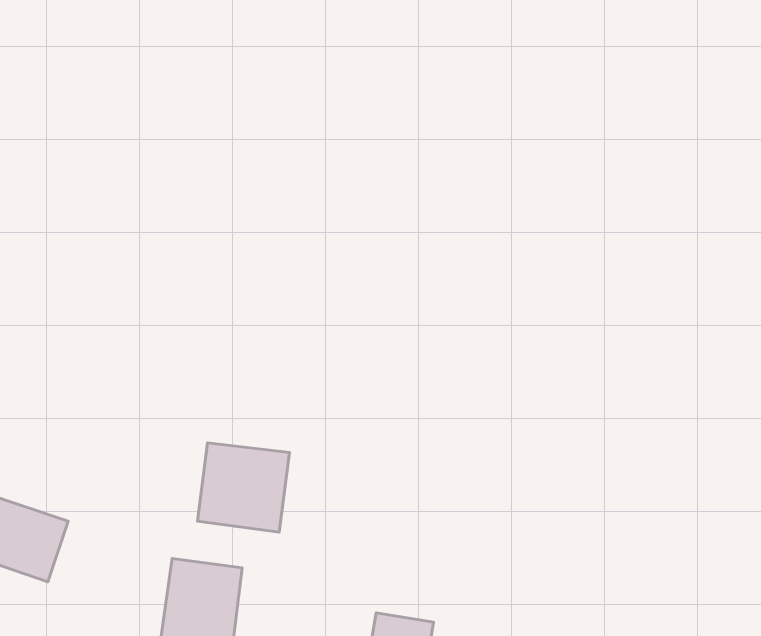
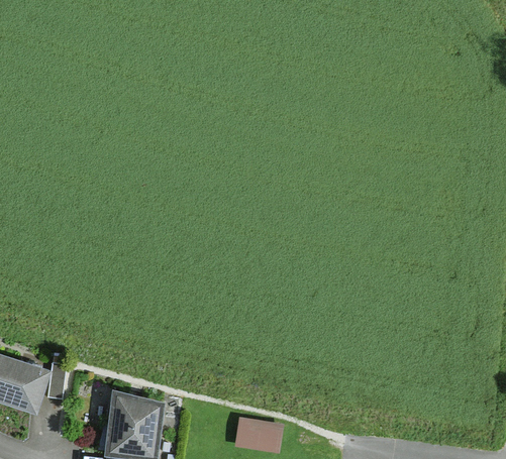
building: [198,443,289,532] -> none

